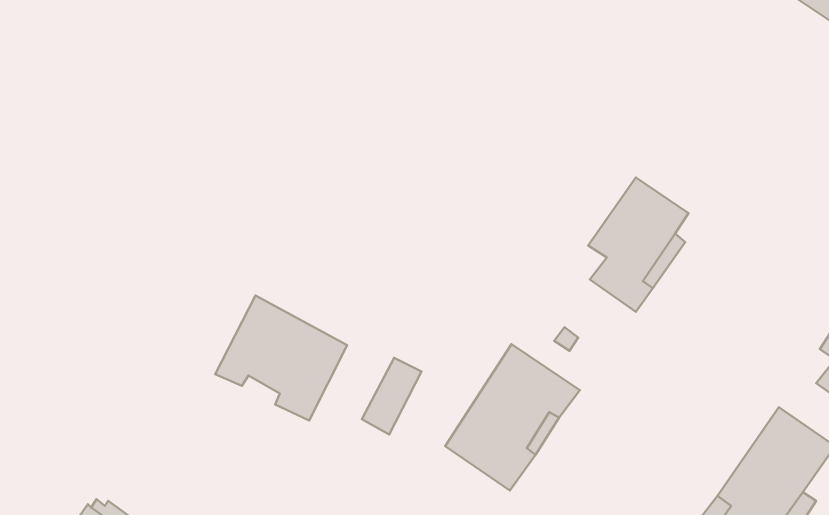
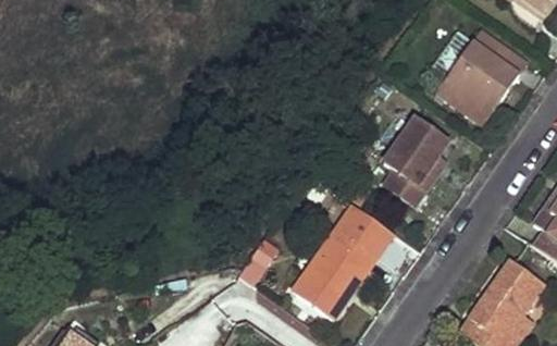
building: none -> [440,29,531,123]
building: [215,295,347,420] -> none

